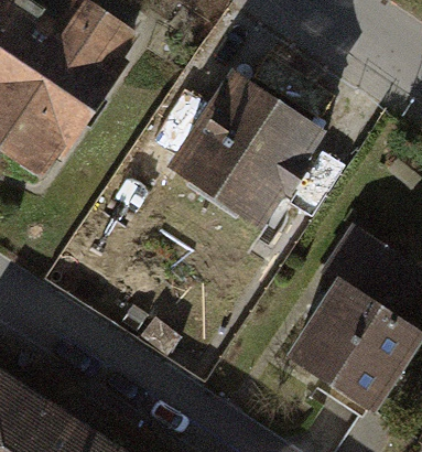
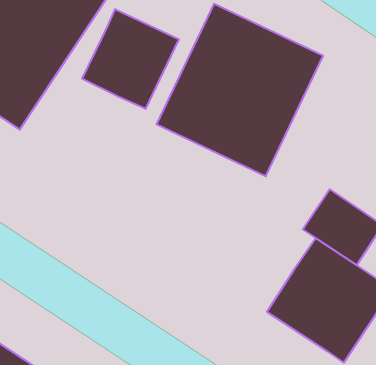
building: none -> [82,9,179,109]

